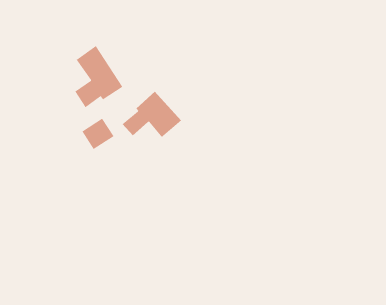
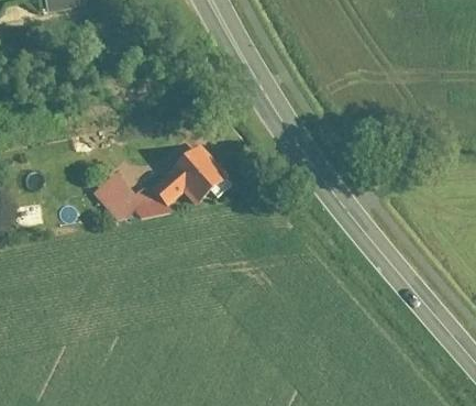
building: [75,45,123,108] -> none

